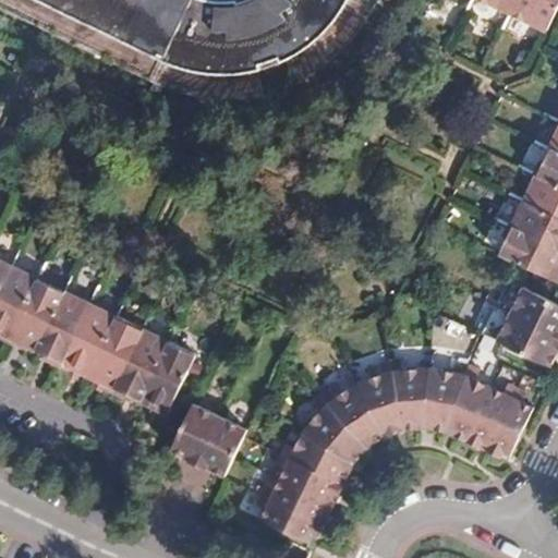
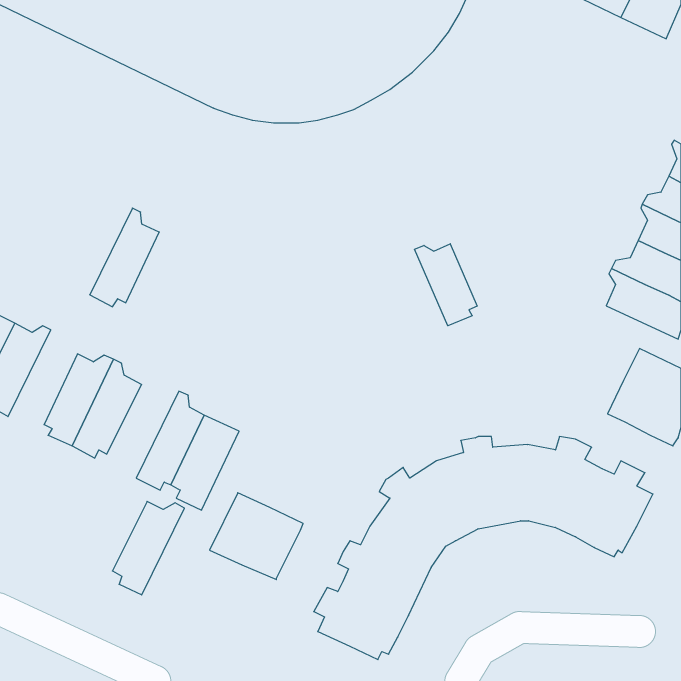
building: none -> [414,244,477,326]
building: [7,269,63,350] -> [90,208,159,307]
building: [87,314,146,390] -> [112,501,184,595]

